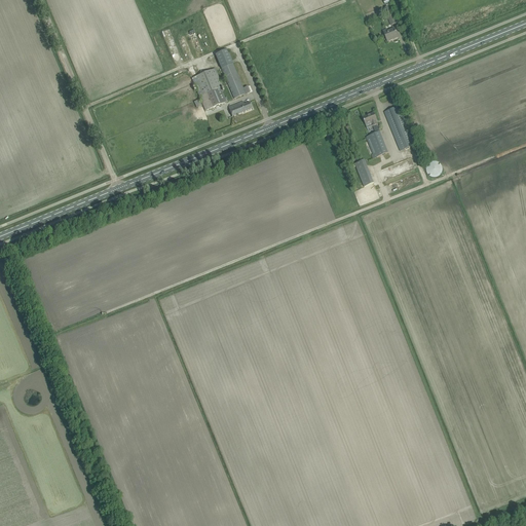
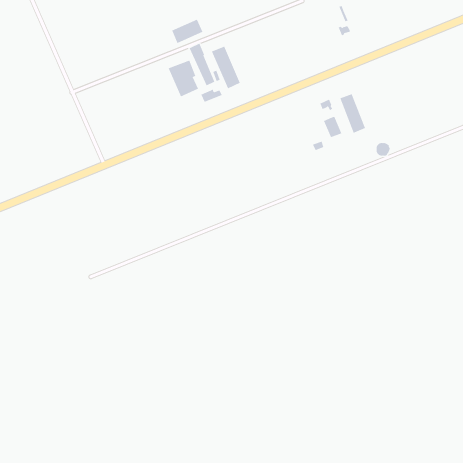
building: none -> [172,19,203,44]
building: none -> [211,46,240,89]

